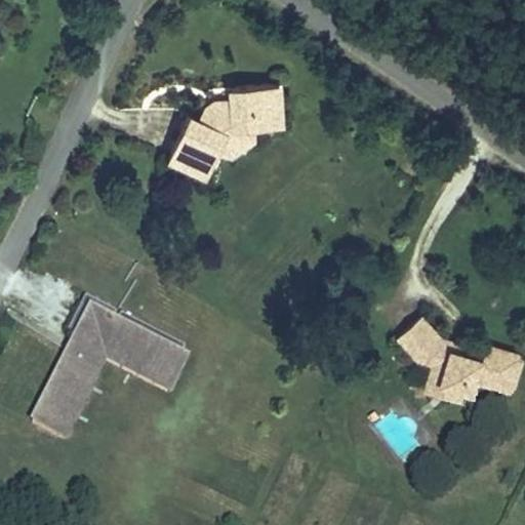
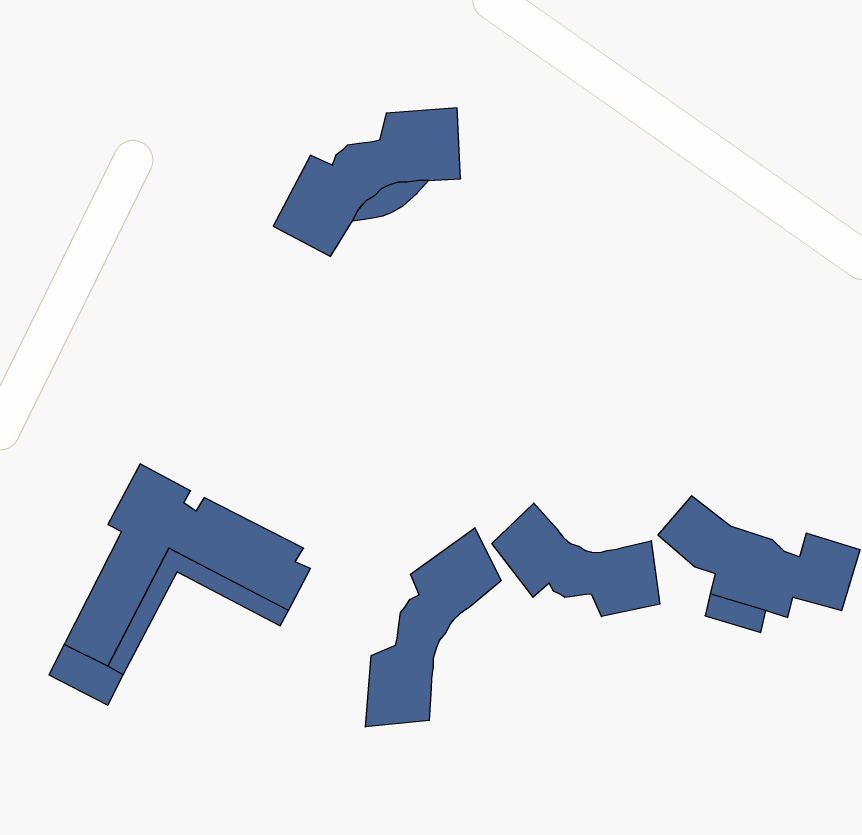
building: none -> [492,503,660,617]
building: none -> [365,528,501,727]

